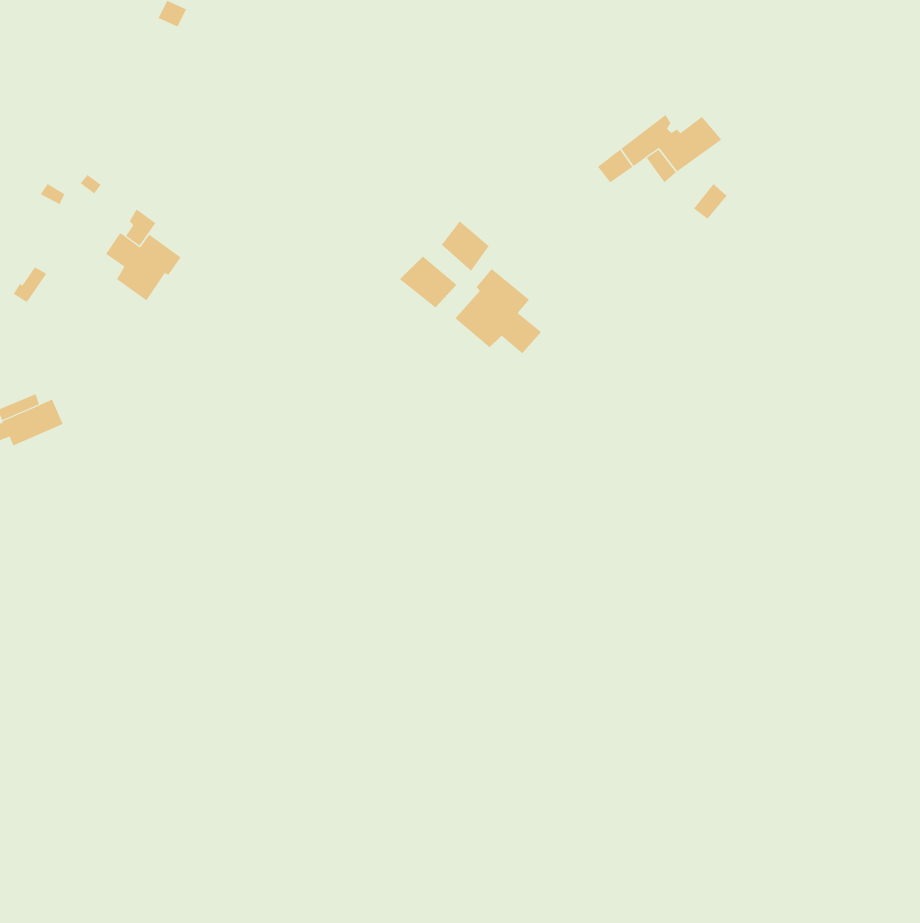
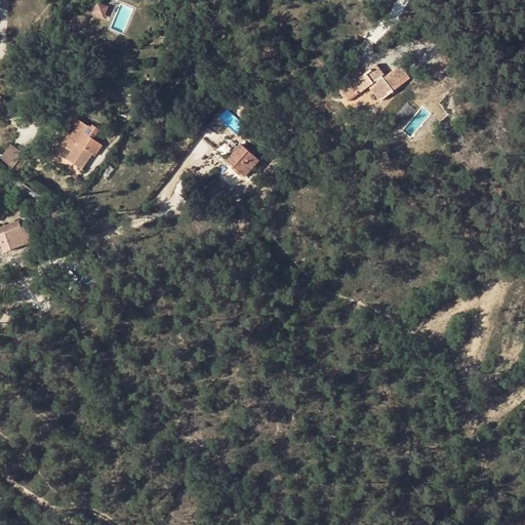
building: [441,221,490,271] -> none
building: [454,268,542,354] -> none

